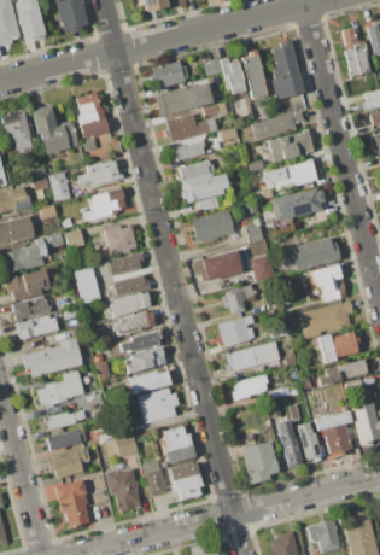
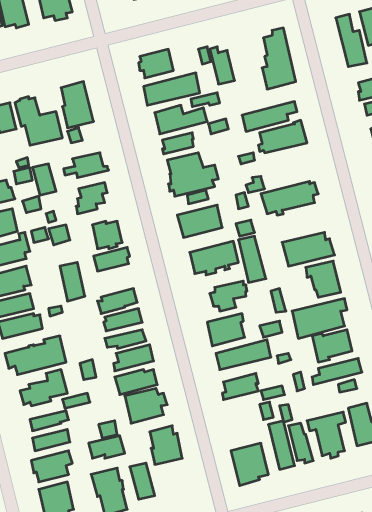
building: [242,49,269,100] -> none
building: [273,158,318,189] -> none
building: [115,274,151,297] -> none
building: [170,462,203,501] -> none

